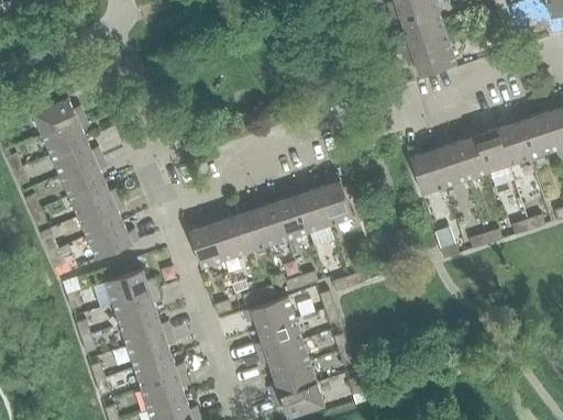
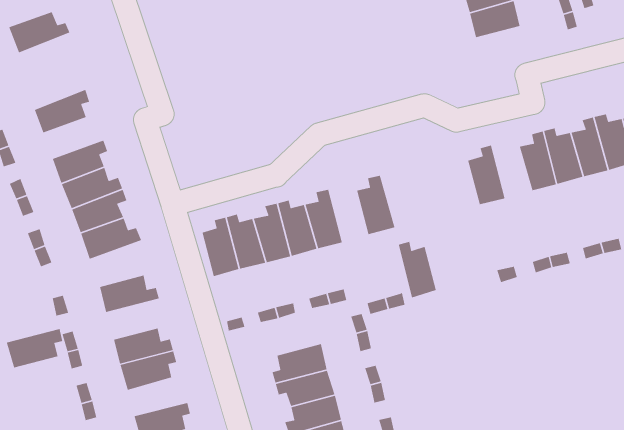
building: [410,42,455,76] -> none
building: [31,98,84,135] -> [8,11,70,53]
building: [49,140,101,176] -> none
building: [429,140,465,188] -> none
building: [294,185,329,233] -> [398,241,437,298]
building: [111,289,159,325] -> [6,328,63,369]
building: [242,297,295,331] -> none
building: [133,355,185,389] -> none

